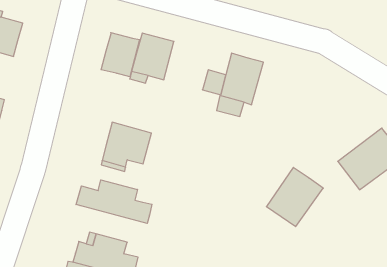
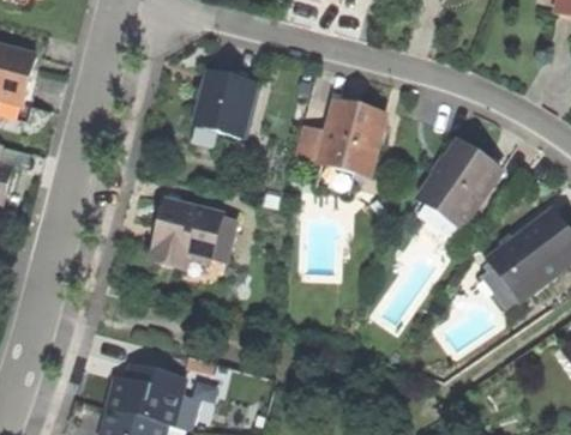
building: [101,33,140,77] -> none
building: [266,167,323,227] -> [419,140,500,225]
building: [76,180,152,223] -> none

